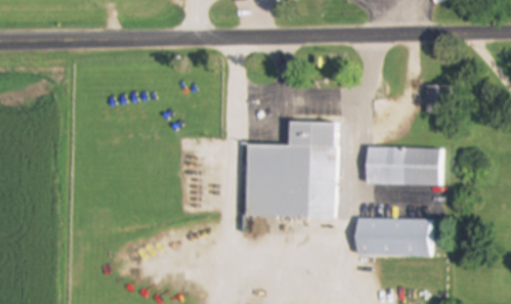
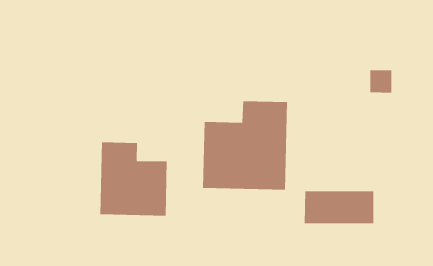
building: [367,147,444,186] -> none
building: none -> [100,142,167,216]

